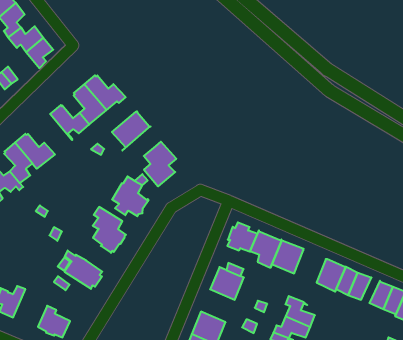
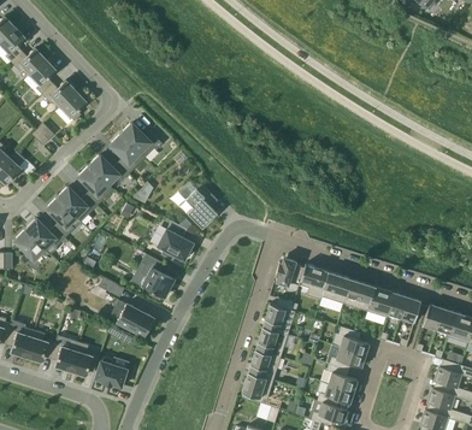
building: [112,111,151,151] -> none
building: none -> [79,166,113,206]
building: none -> [344,279,374,311]
building: none -> [70,342,99,376]
building: none -> [255,326,288,358]

